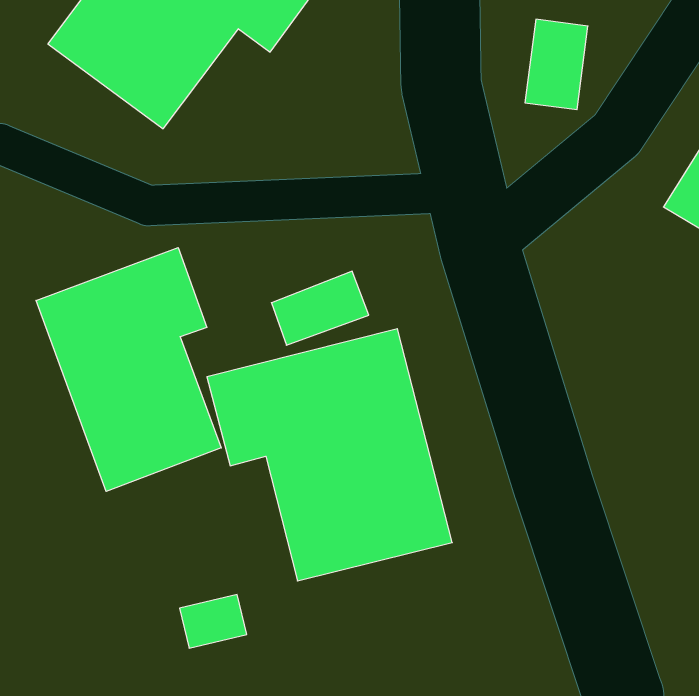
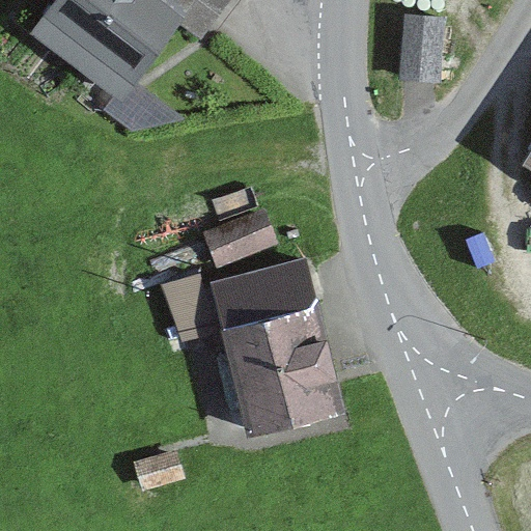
building: [36,248,221,491] -> none

